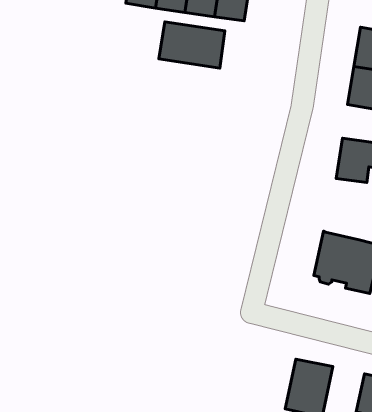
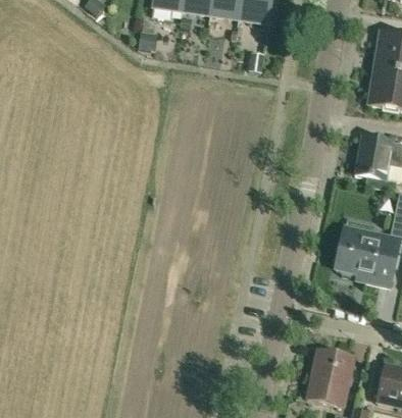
building: [159,22,225,68] -> none

